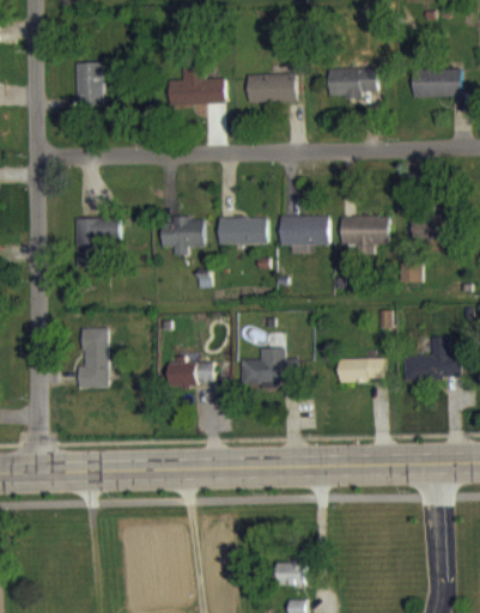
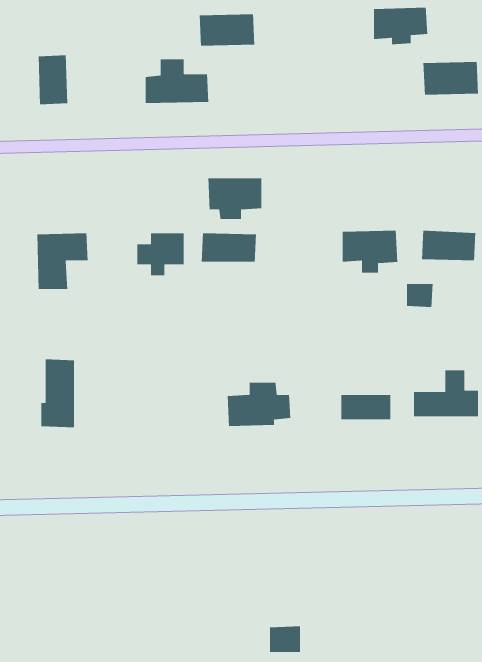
building: [328,67,376,101] -> [373,7,428,45]
building: [247,73,296,102] -> [199,14,255,46]
building: [280,216,328,253] -> [208,177,262,220]
building: [168,352,213,386] -> none

